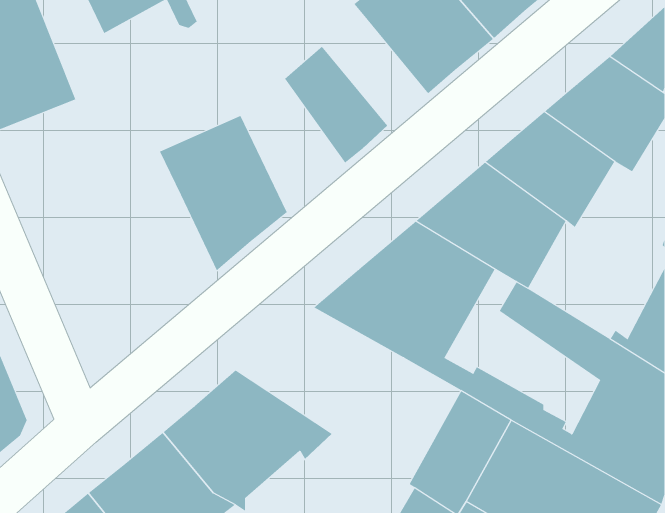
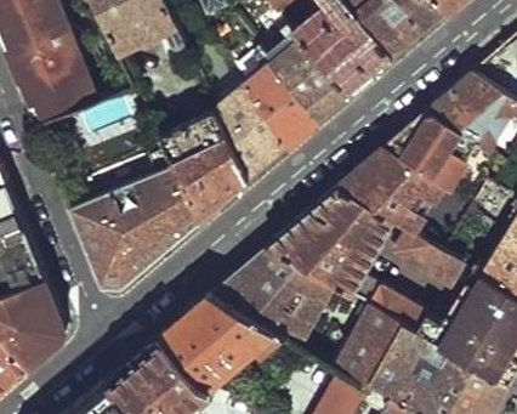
building: none -> [273,42,347,120]
building: none -> [216,87,289,181]
building: none -> [70,169,199,289]
building: none -> [212,248,330,346]

